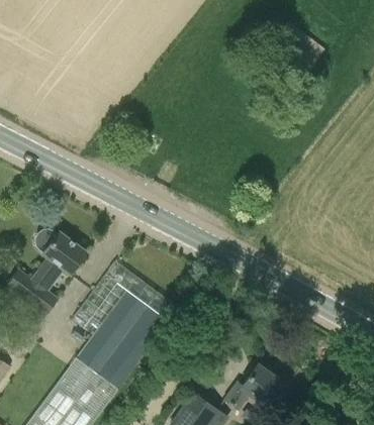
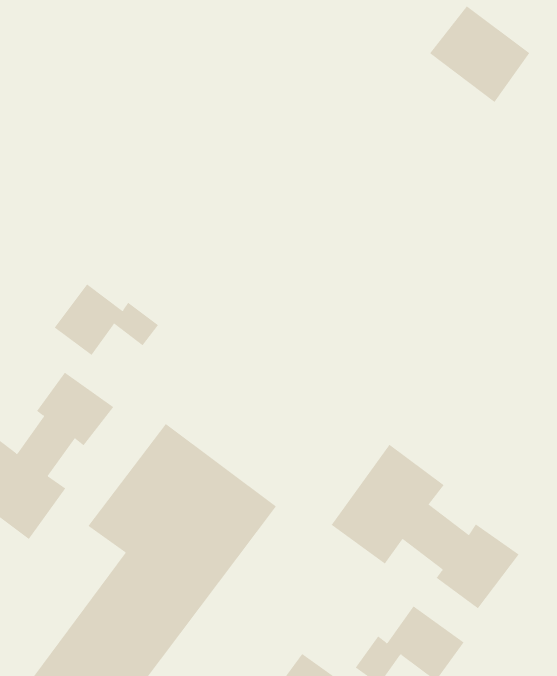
building: none -> [54,283,159,356]
building: none -> [331,444,519,609]

